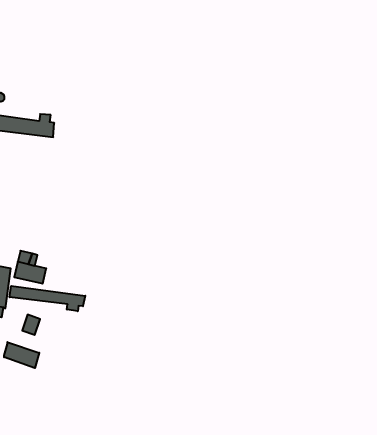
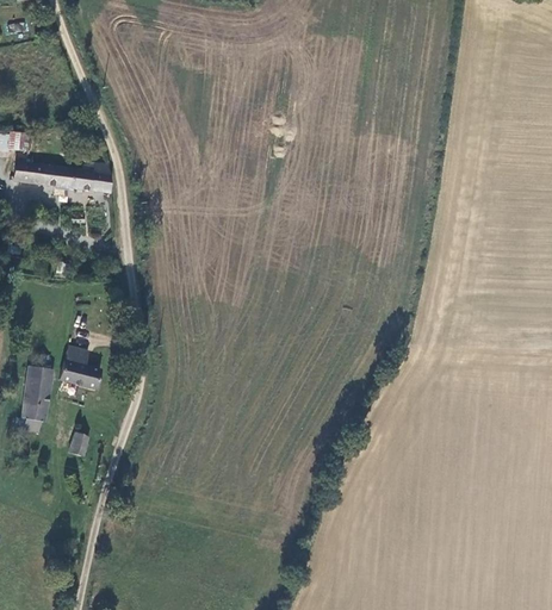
building: [10,286,85,311] -> none
building: [4,342,39,368] -> none

